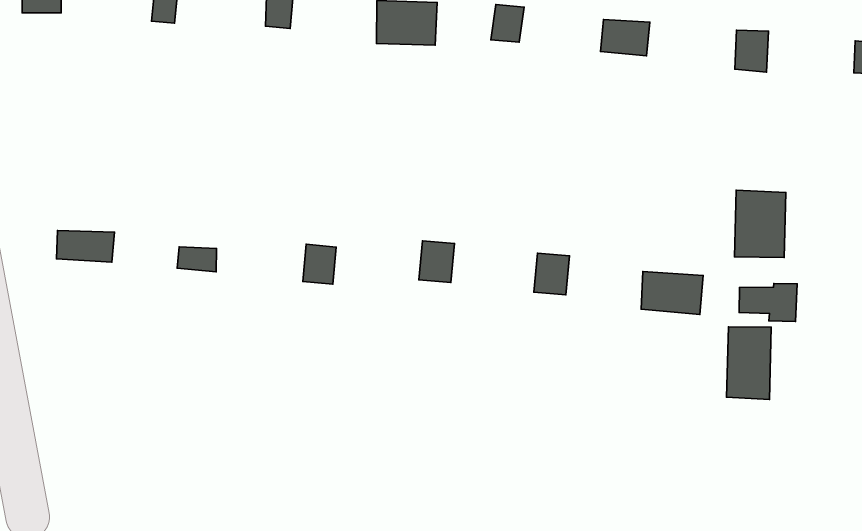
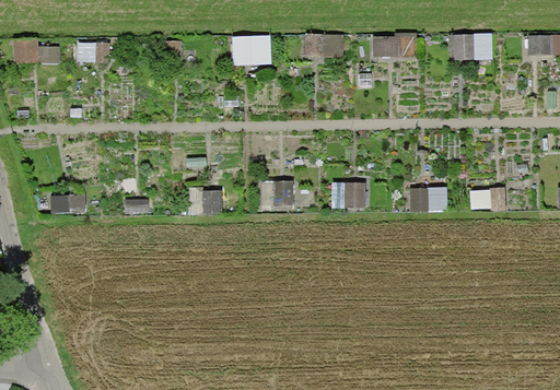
building: [734,190,786,257] -> none
building: [727,327,771,400] -> none

